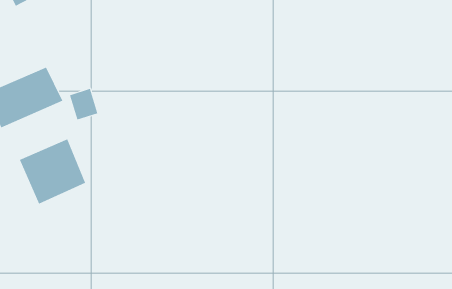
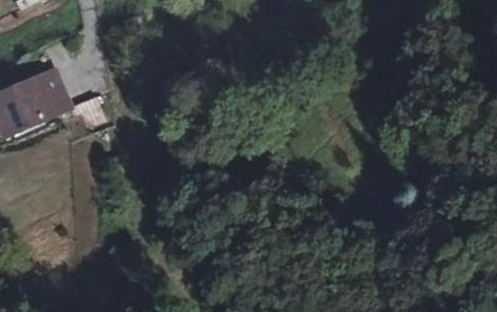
building: [19,138,86,205] -> none

